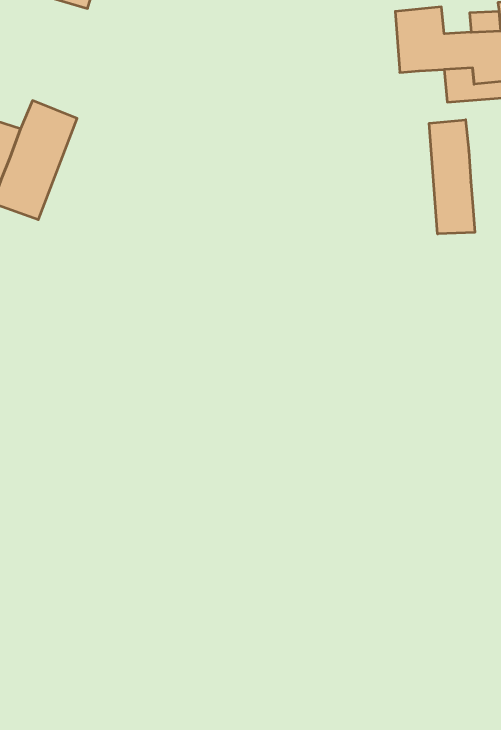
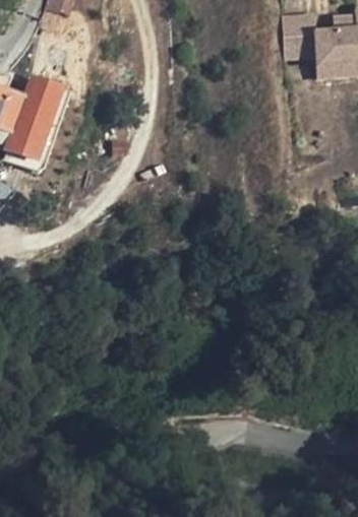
building: [429,120,475,234] -> none

